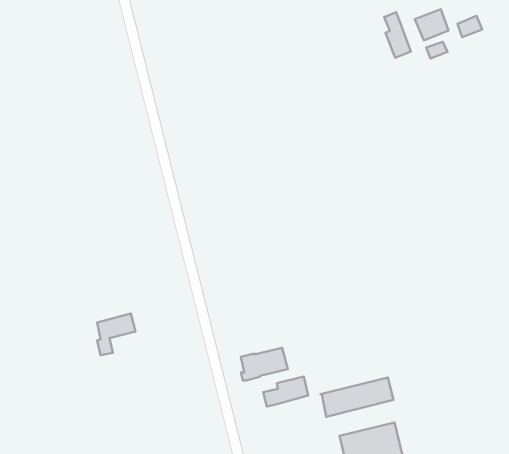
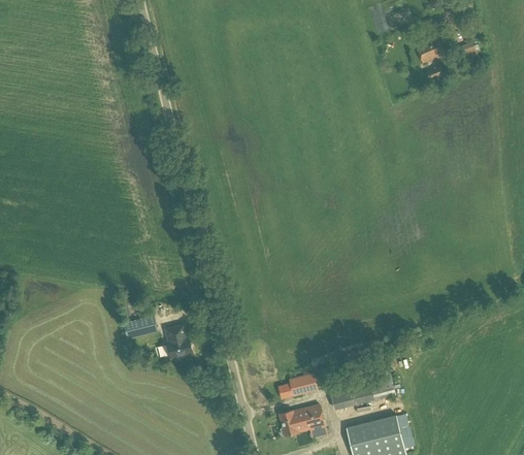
building: [384,12,411,58] -> none
building: none -> [166,325,193,360]
building: [241,348,288,380] -> [281,405,324,435]

